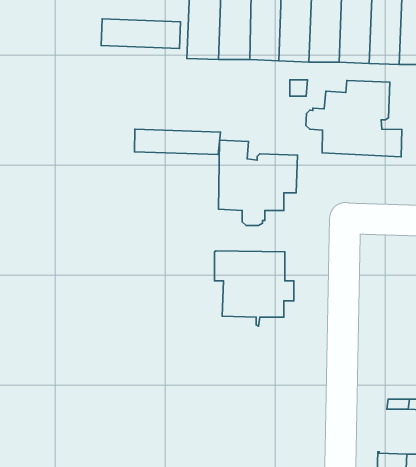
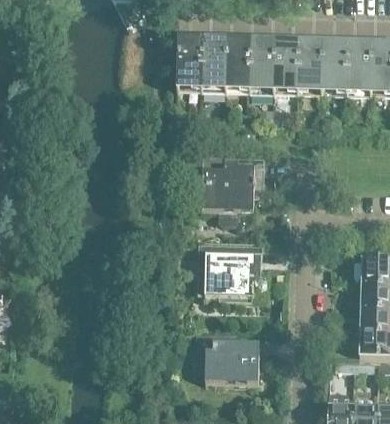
building: [101,19,181,48] -> none
building: [306,80,402,157] -> none
building: [134,129,220,155] -> none
building: none -> [195,329,259,381]

